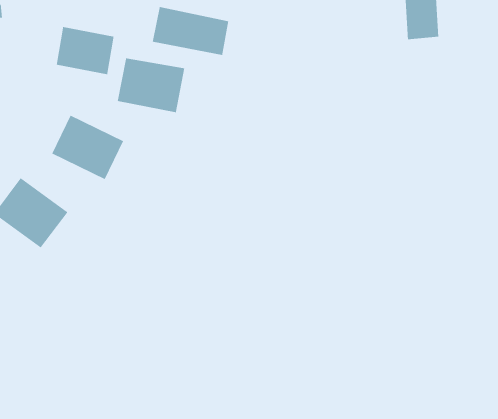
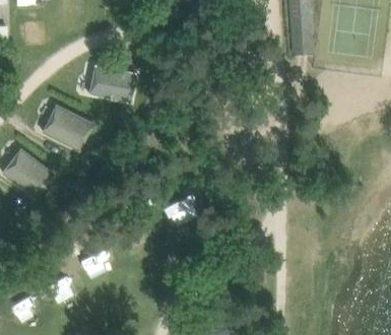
building: [152,6,229,56] -> none
building: [56,26,115,75] -> none

